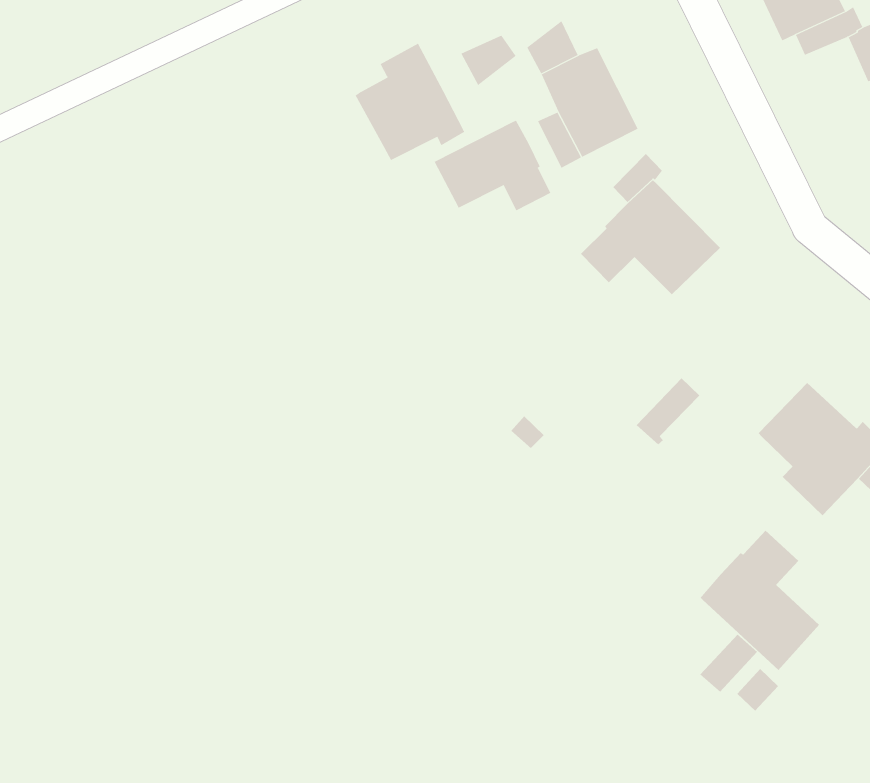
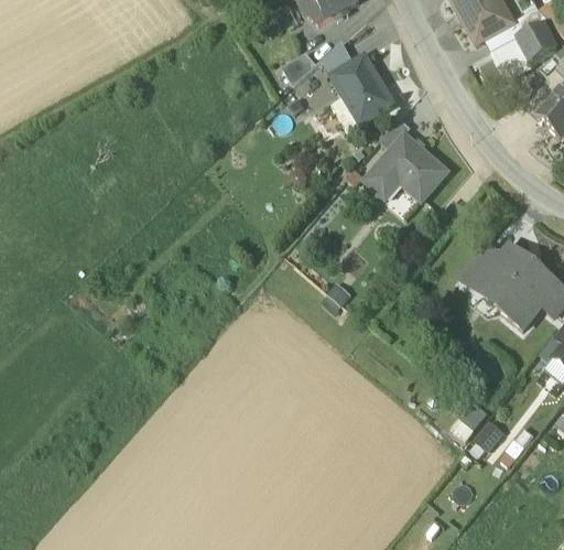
building: [355,43,465,161] -> none
building: [434,120,551,211] -> none
building: [636,378,700,445] -> [464,245,501,287]
building: [700,530,820,671] -> none

